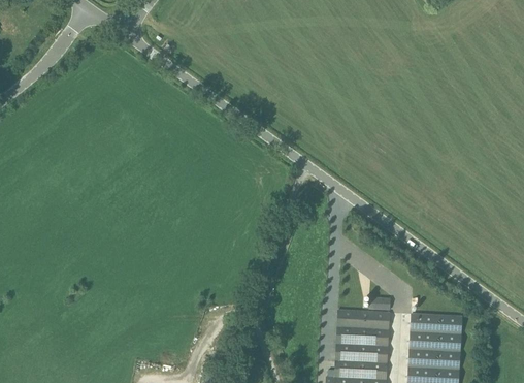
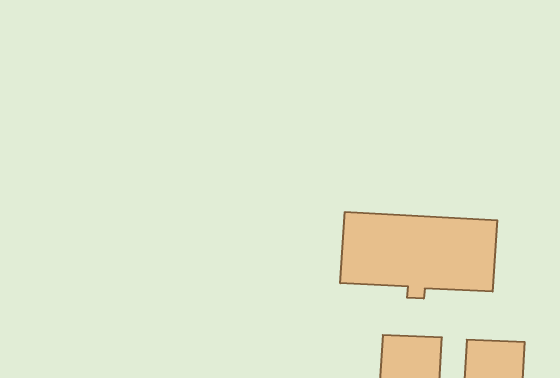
building: none -> [340,212,497,299]

